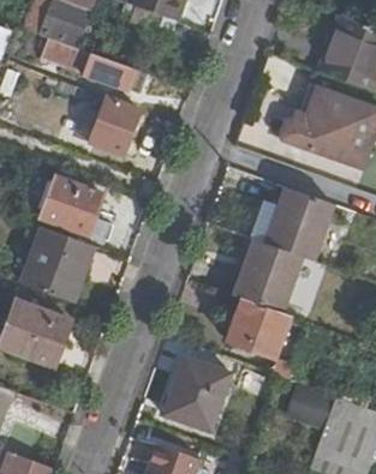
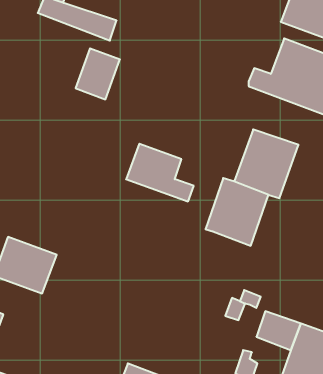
building: [43,178,117,240] -> [126,144,194,201]
building: [24,227,90,299] -> none
building: [226,296,287,356] -> none
building: [163,358,226,428] -> none

